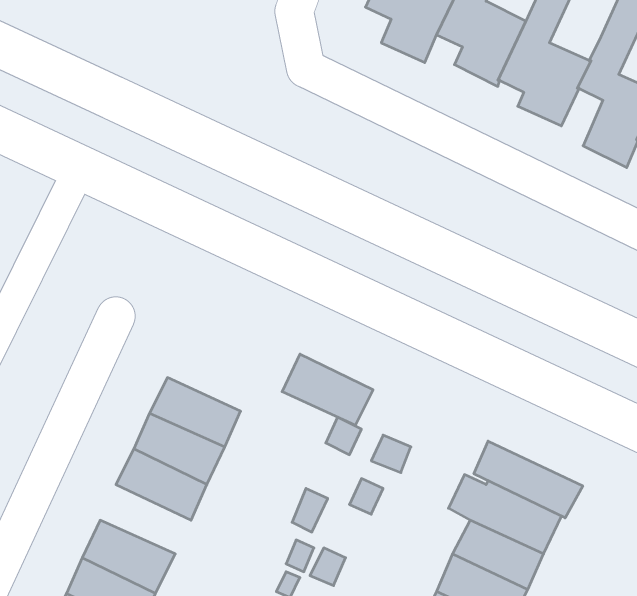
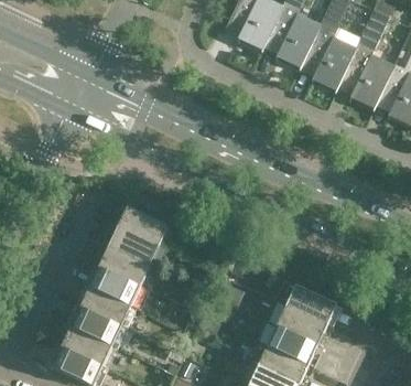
building: [282,354,373,425] -> [118,205,169,245]
building: [474,441,583,518] -> none
building: none -> [80,286,131,324]

